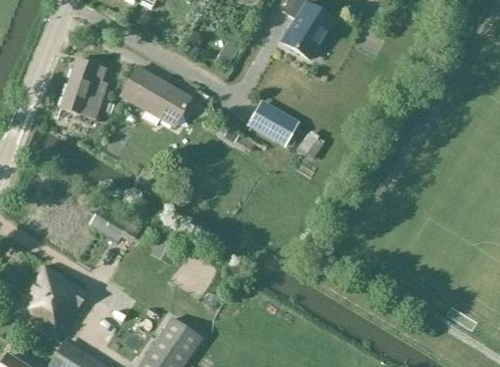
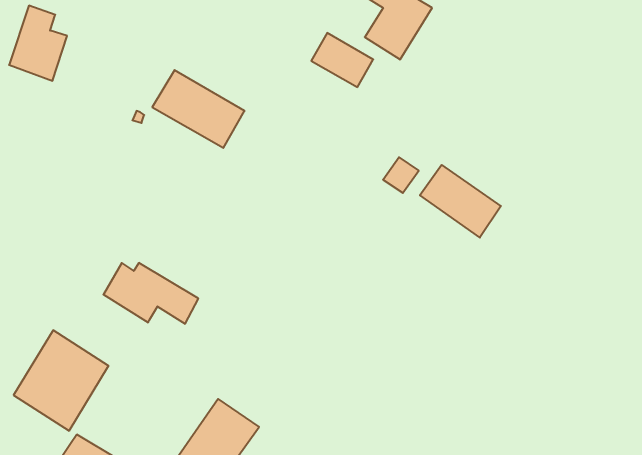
building: [61,61,105,118] -> [9,6,67,81]
building: [250,103,297,144] -> [311,33,373,87]
building: none -> [420,165,501,238]

